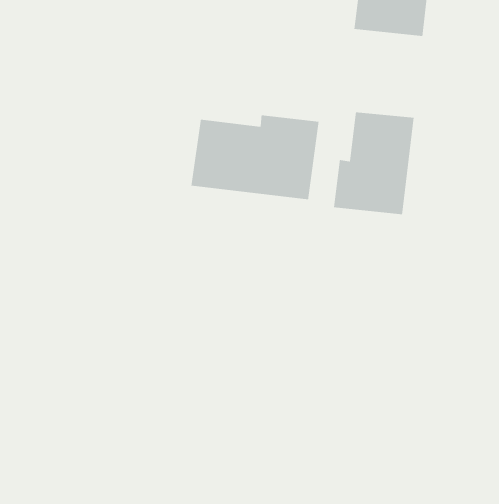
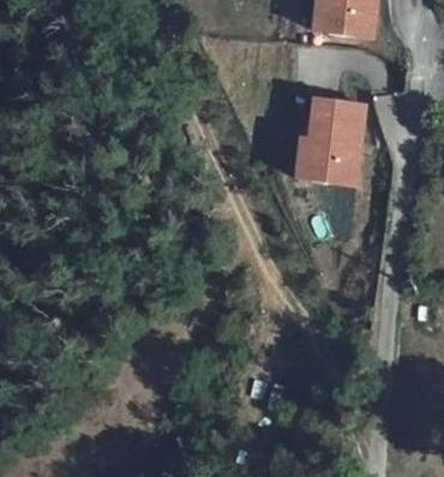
building: [191,114,319,200] -> none

